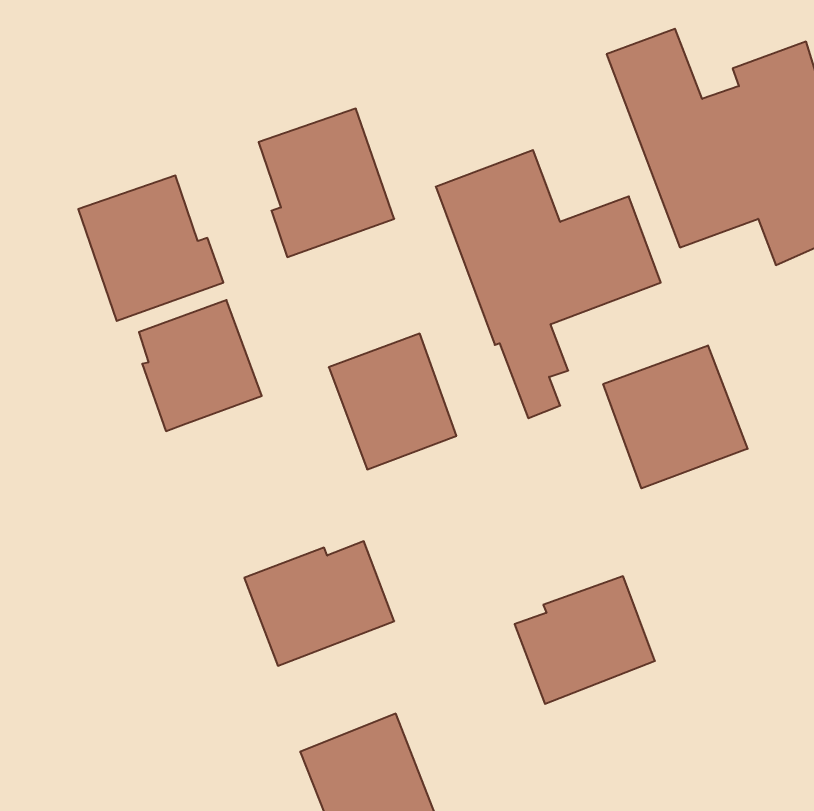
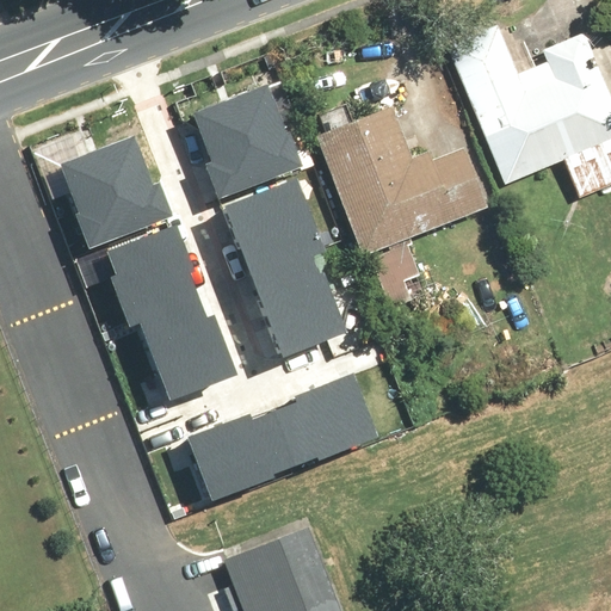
building: none -> [220,177,322,278]
building: [603,345,748,488] -> none
building: none -> [138,300,230,395]
building: [515,576,655,704] -> [273,372,378,468]

